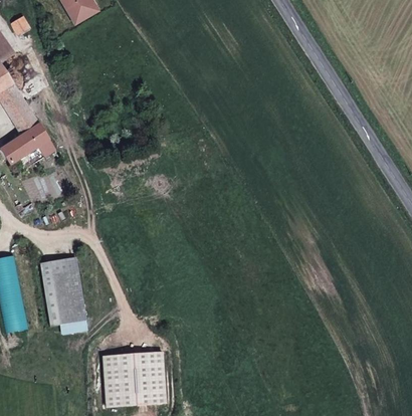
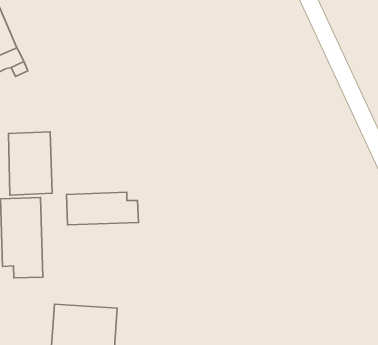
building: none -> [9,132,52,195]
building: none -> [67,192,139,225]

